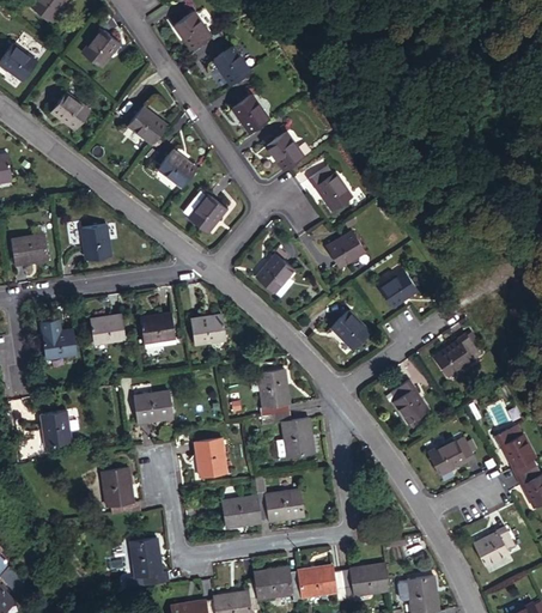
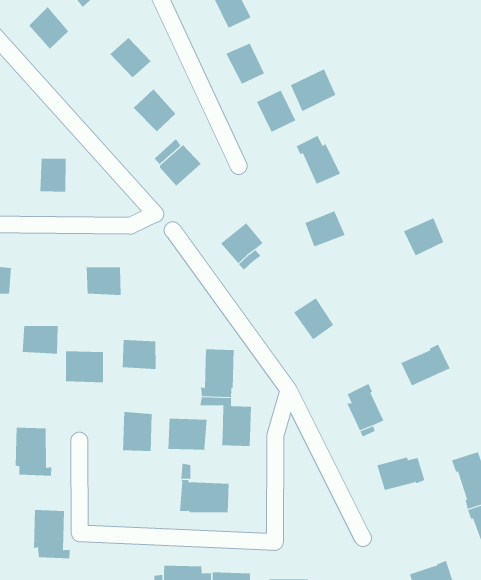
building: none -> [290,68,336,112]
building: [378,269,416,306] -> [403,218,444,256]
building: [90,314,124,342] -> [22,325,58,354]
building: [190,315,225,344] -> [122,339,157,369]
building: [221,494,260,527] -> [168,418,208,450]

